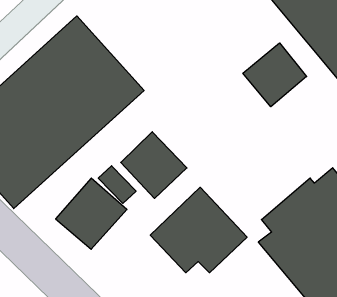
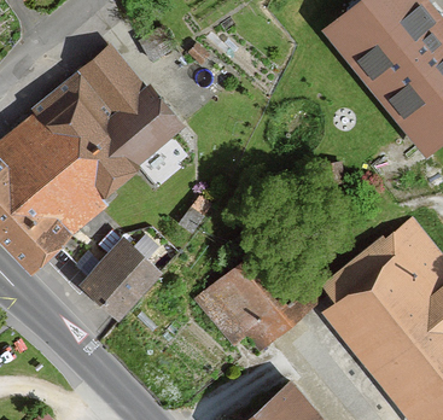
building: [243,43,307,107] -> none
building: [121,132,187,198] -> none

